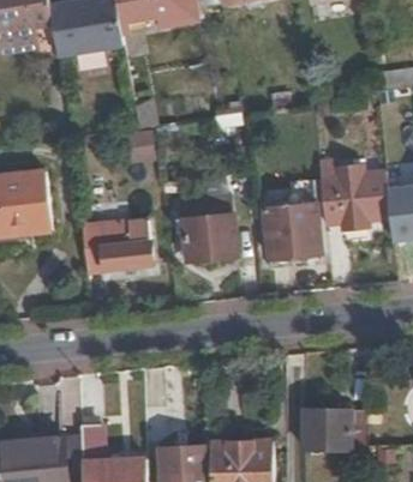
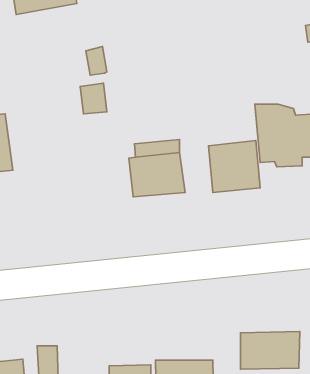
building: [83,218,152,271] -> none

